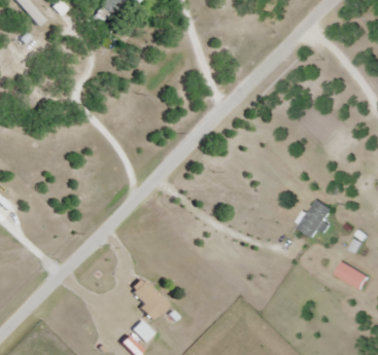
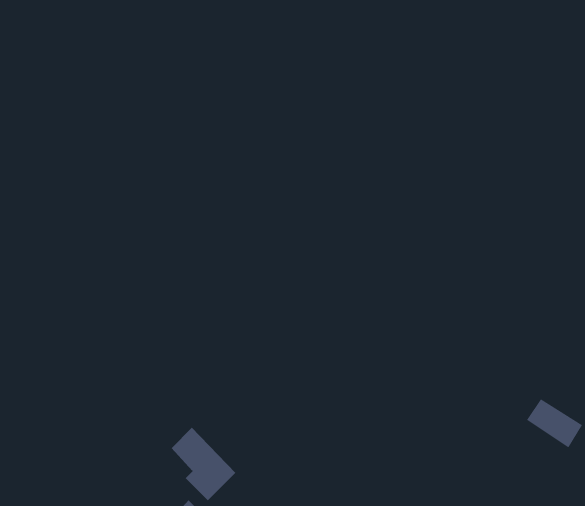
building: [298,200,333,239] -> none

